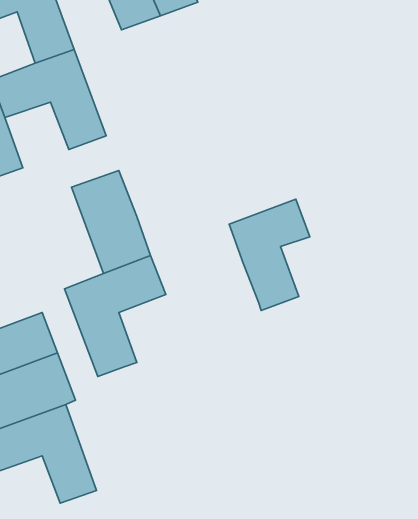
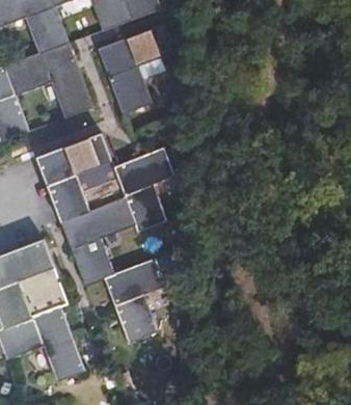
building: none -> [99,24,173,113]
building: none -> [36,145,89,221]
building: [229,199,310,310] -> [114,148,174,232]
building: none -> [105,261,165,344]

